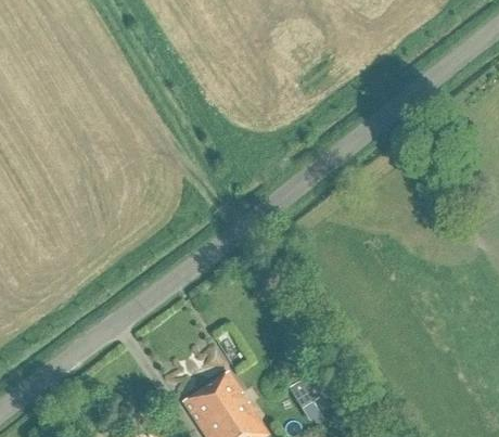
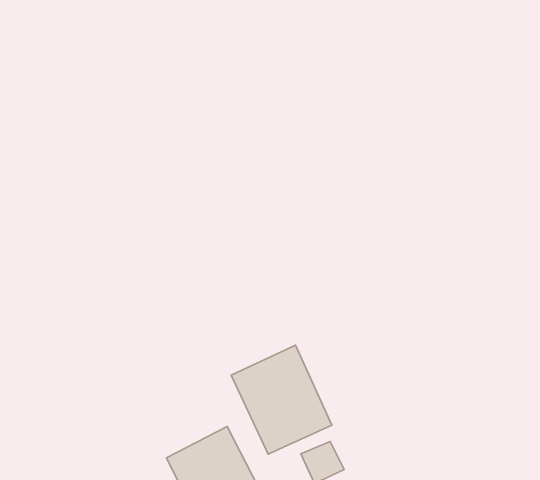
building: none -> [231,345,332,454]

